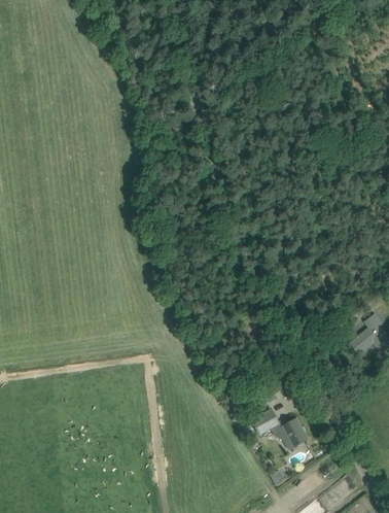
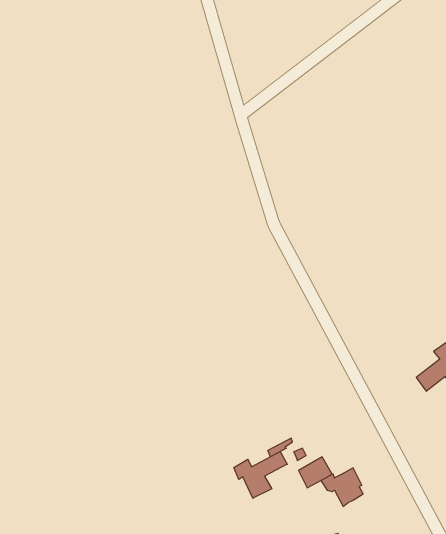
building: none -> [234,452,287,498]

